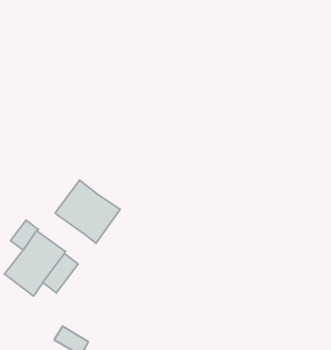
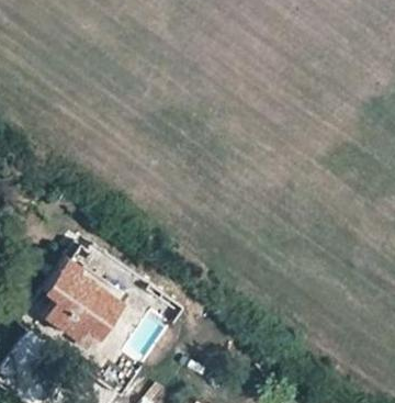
building: [55,180,120,243] -> none

